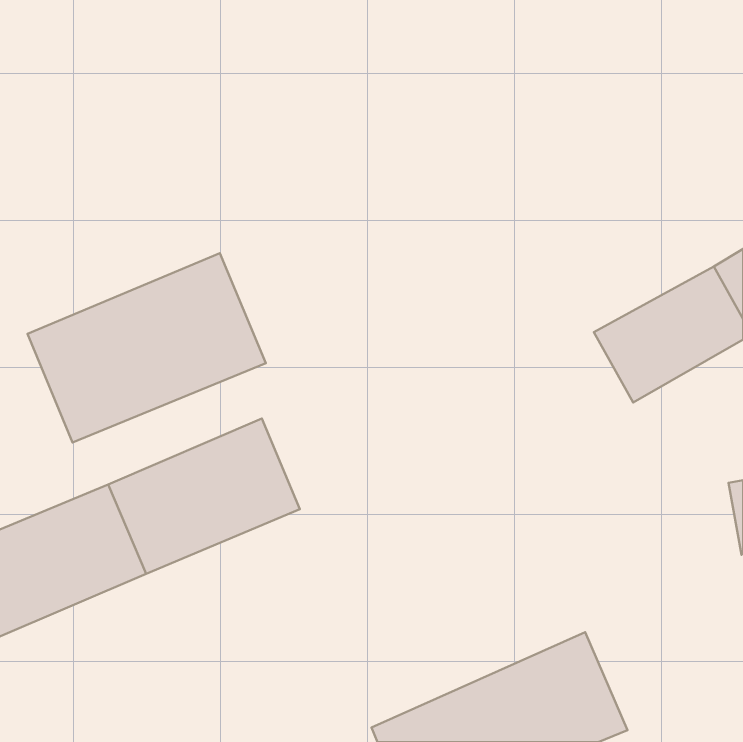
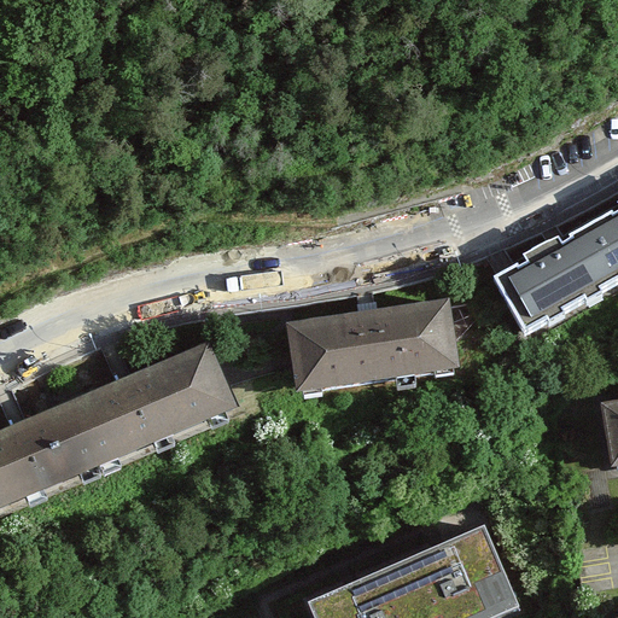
building: [28,253,266,443] -> none
building: none -> [287,301,451,383]

